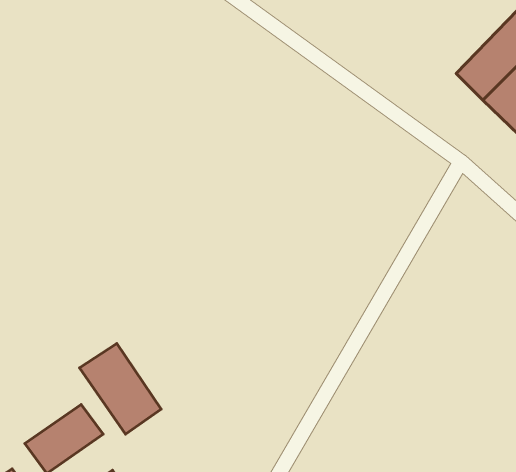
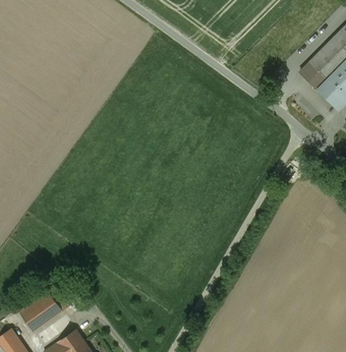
building: [80,344,161,434] -> none

